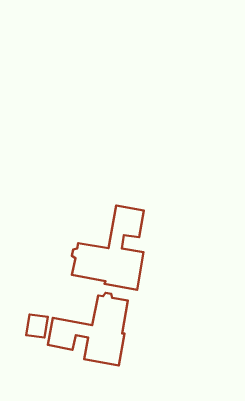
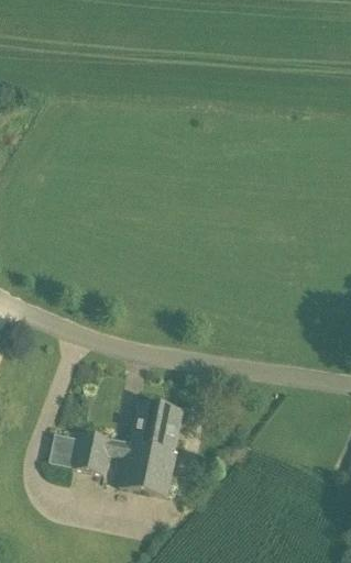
building: [72,205,144,290] -> none

